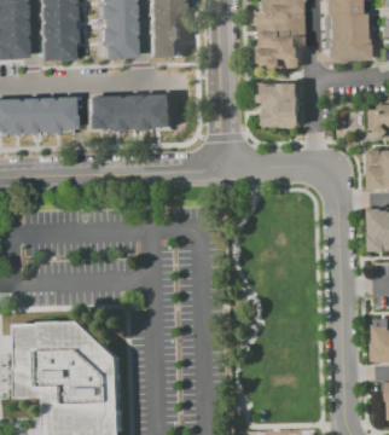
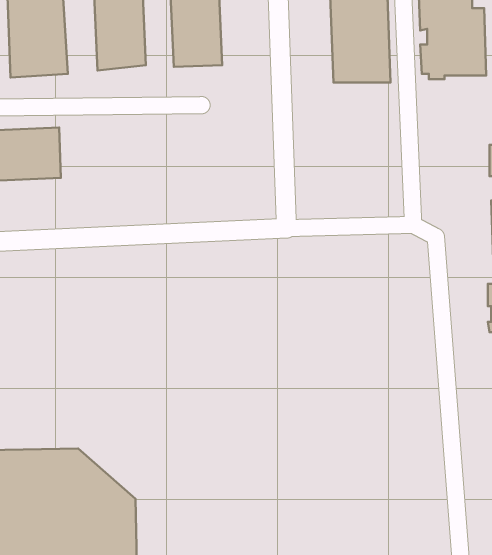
building: [263,85,297,127] -> none
building: [82,93,170,132] -> none

